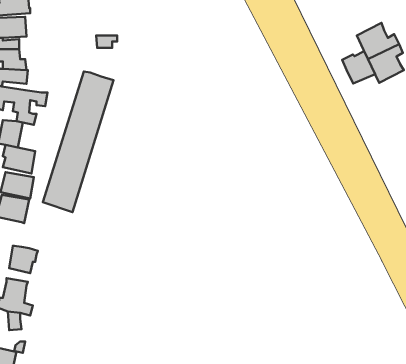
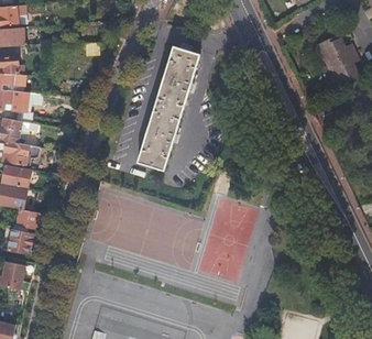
building: [342,51,375,84] -> none
building: [43,71,114,212] -> [138,47,200,172]
building: none -> [17,209,45,236]

